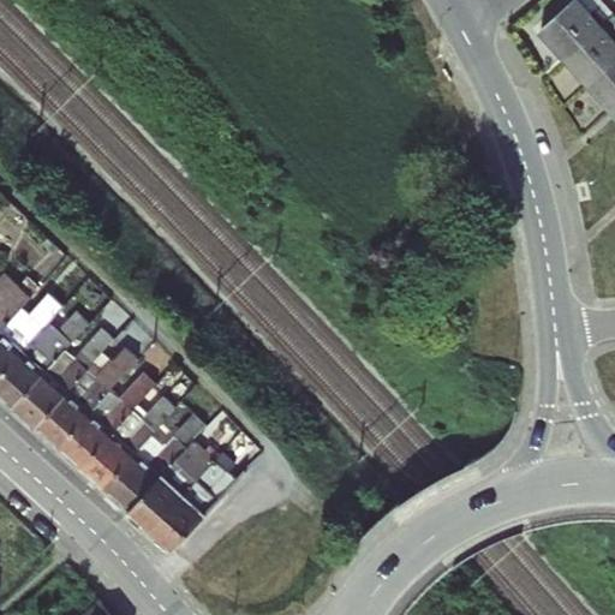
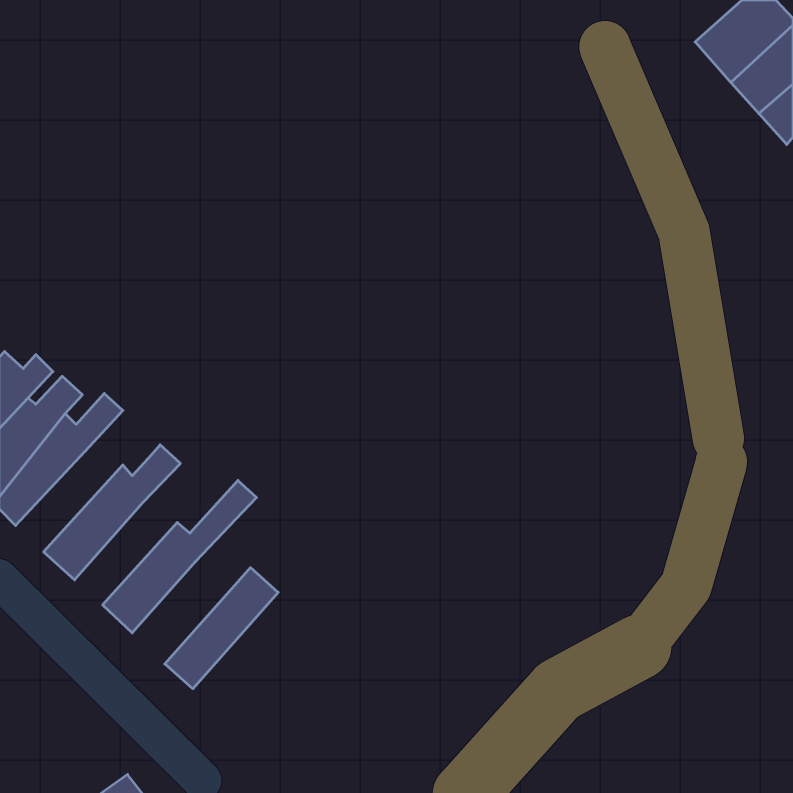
building: [12,328,114,428] -> none
building: [58,371,157,468] -> none
building: [102,412,207,514] -> none
building: [149,450,237,550] -> none

